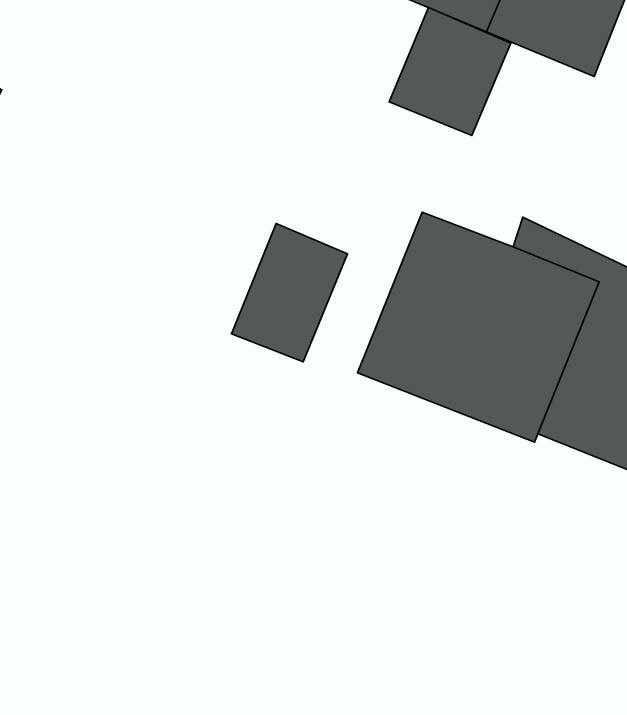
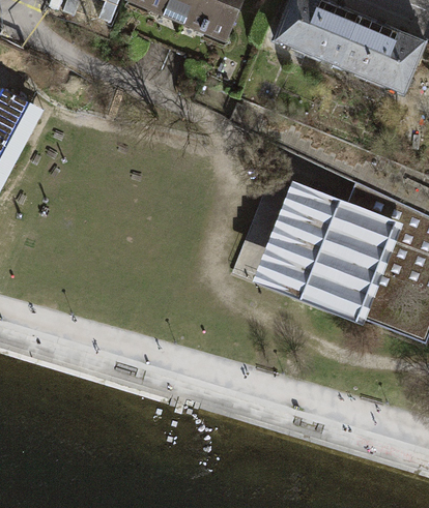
building: [389,8,511,135] -> none
building: [232,223,348,362] -> none

